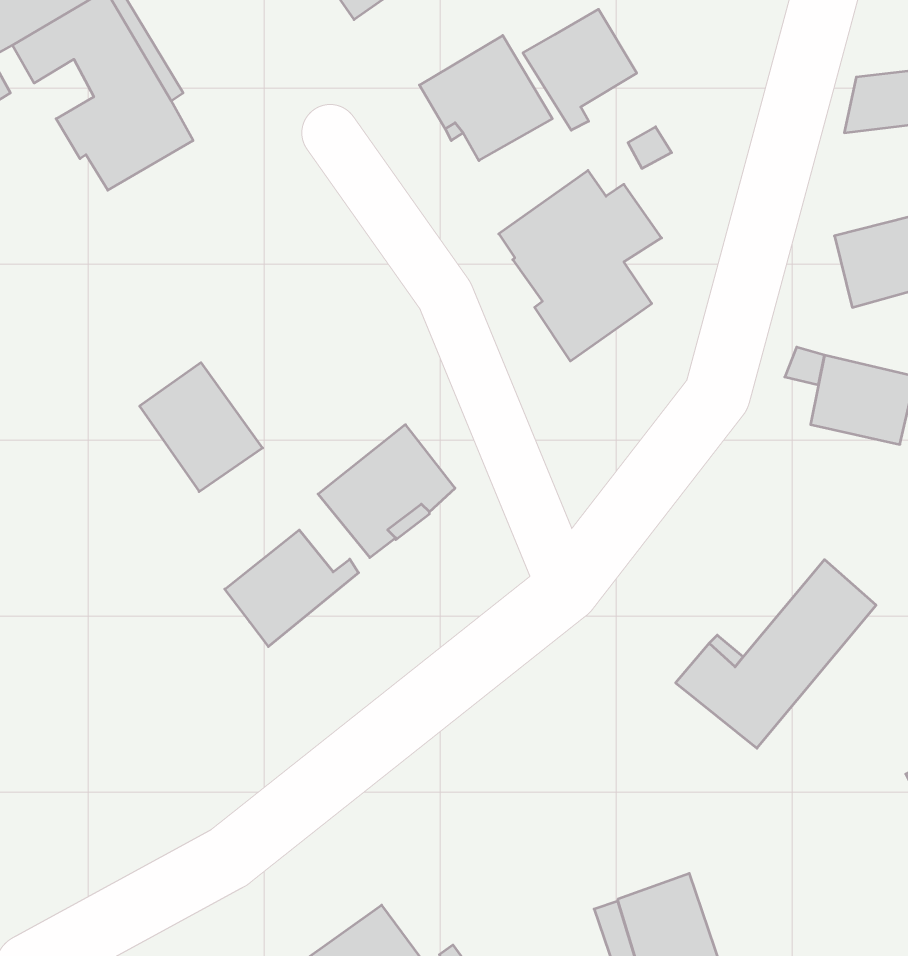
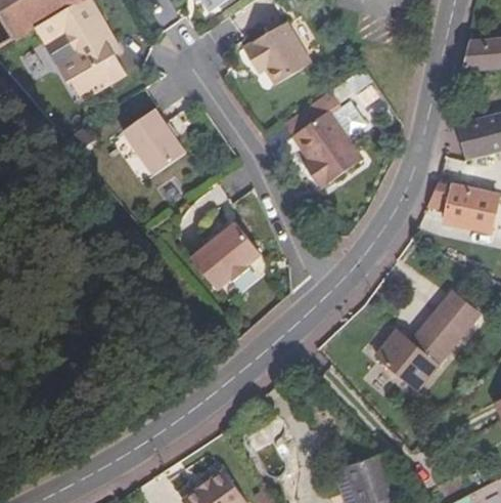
building: [523,9,637,130] -> none
building: [140,363,263,492] -> [123,109,186,175]
building: [225,530,359,647] -> none

